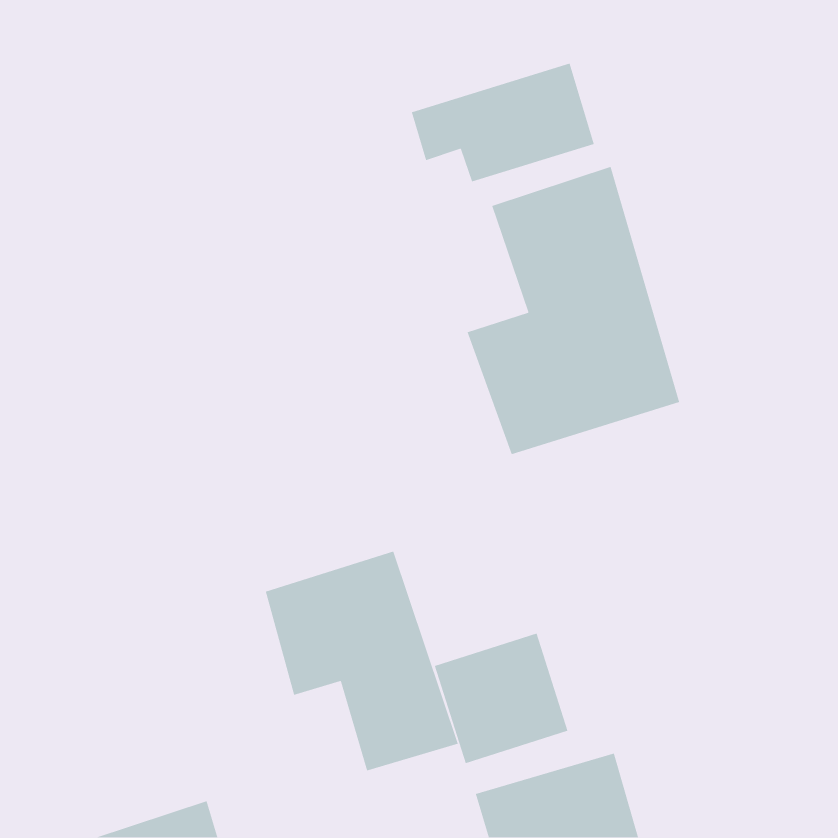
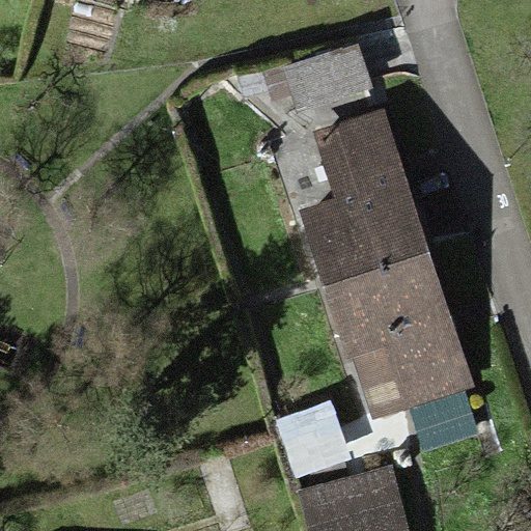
building: none -> [323,254,483,444]
building: [265,550,459,772] -> none

